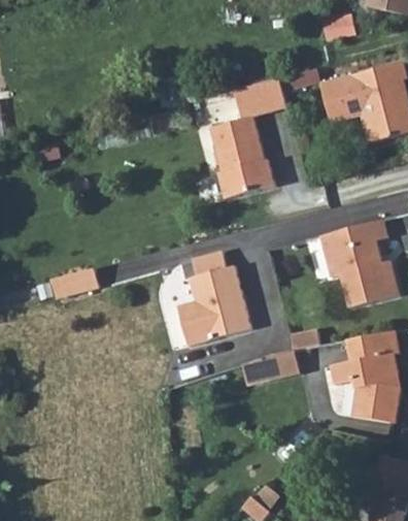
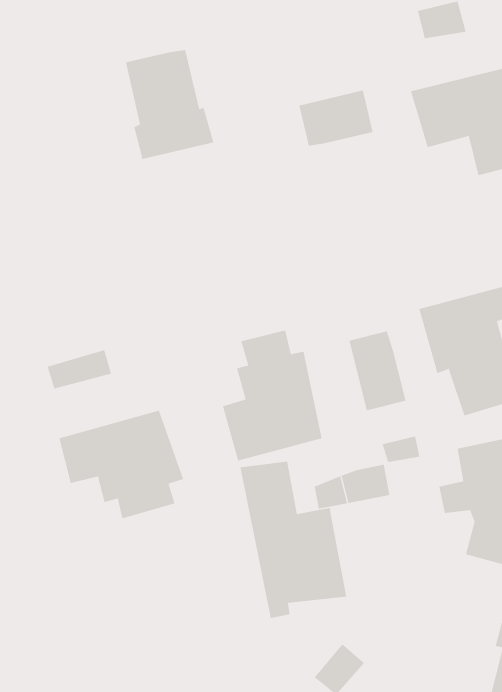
building: [208,117,273,197] -> [125,49,214,159]
building: none -> [349,331,406,411]
building: none -> [59,410,184,519]
building: none -> [240,461,347,619]

